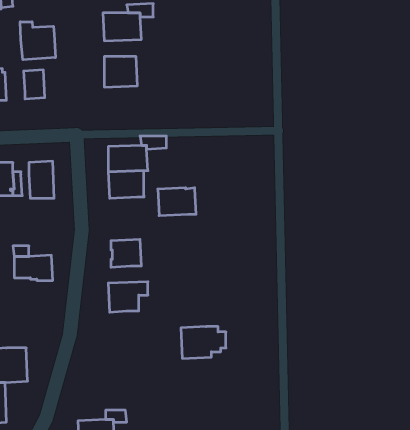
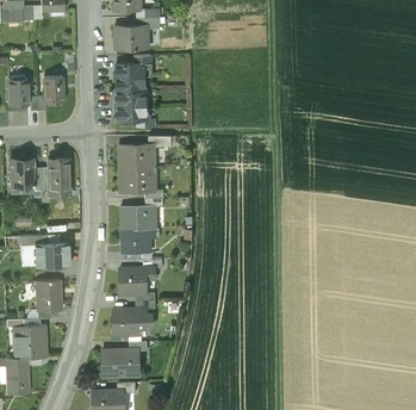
building: [20,22,55,60] -> none
building: none -> [116,91,148,122]
building: [158,188,196,216] -> [120,205,155,230]
building: none -> [35,279,61,312]
building: [181,327,226,358] -> [113,309,154,337]
building: none -> [103,349,137,377]

